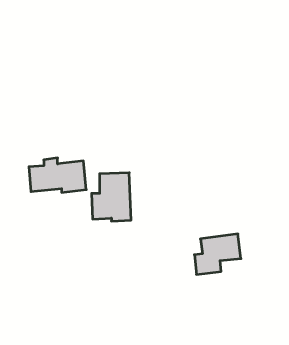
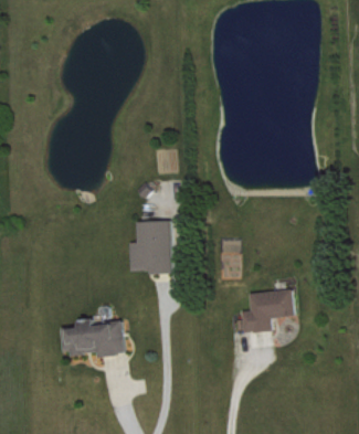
building: [29,158,86,192] -> [61,318,125,357]

